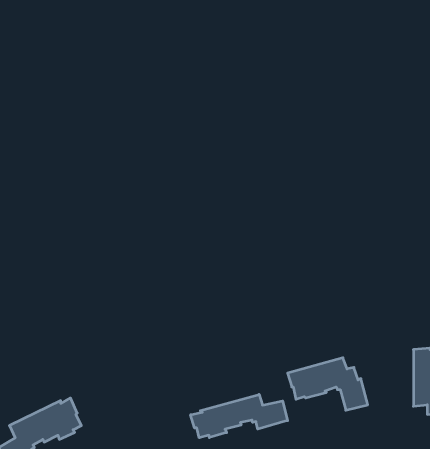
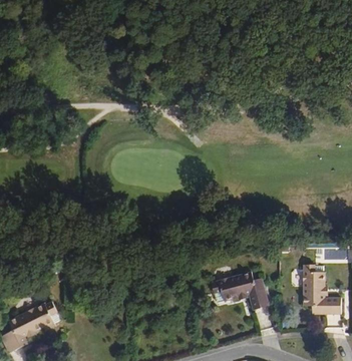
building: [191,394,288,438] -> none

